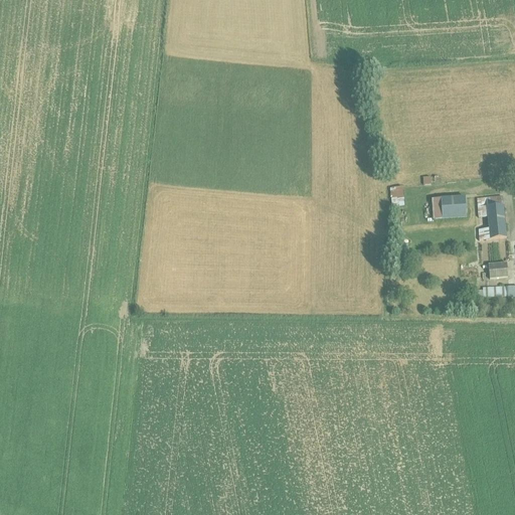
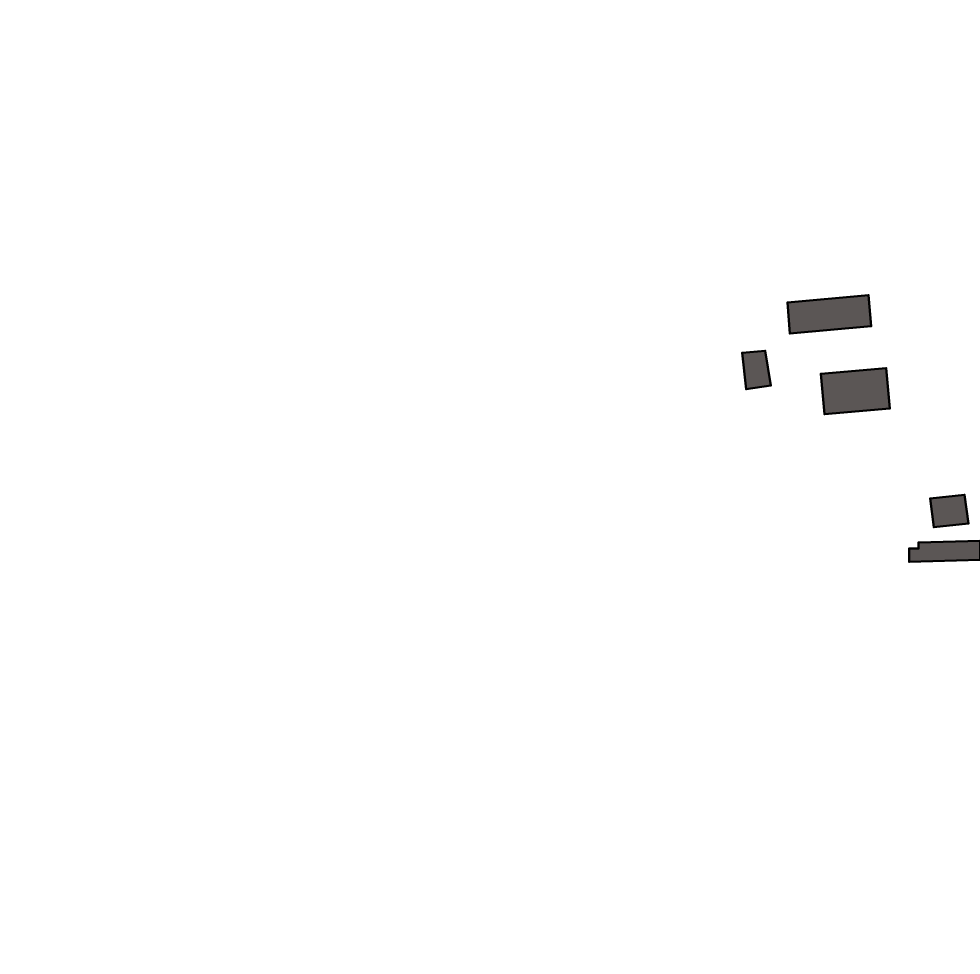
building: none -> [788,295,871,333]
building: [479,204,506,239] -> none

